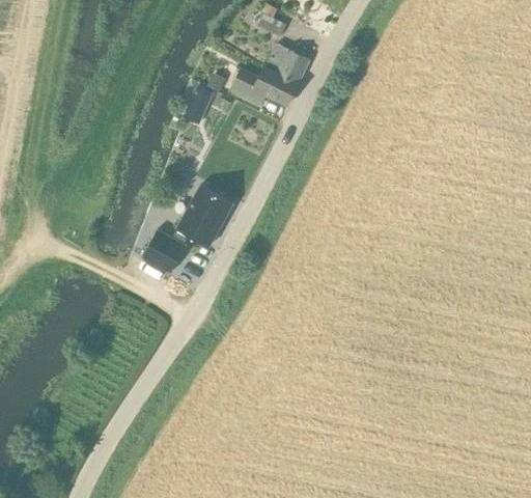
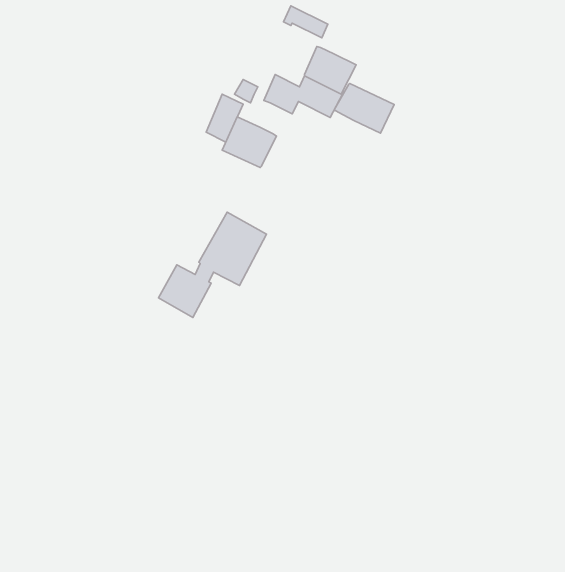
building: none -> [334,83,394,133]
building: none -> [222,117,277,167]

